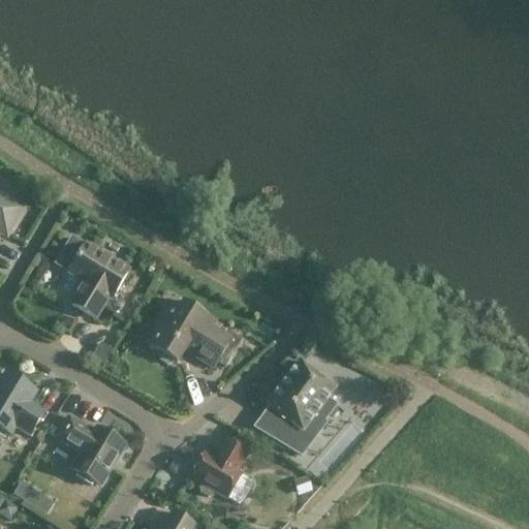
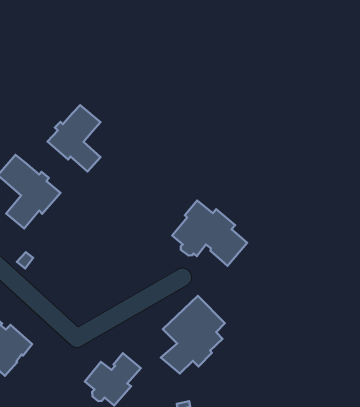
building: none -> [48,105,101,172]
building: [147,298,231,365] -> [172,200,247,266]

